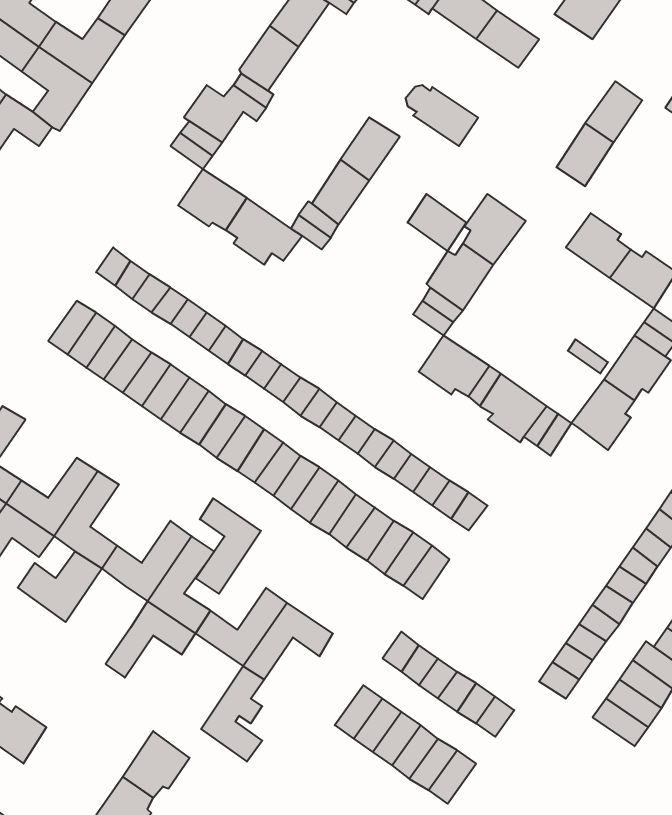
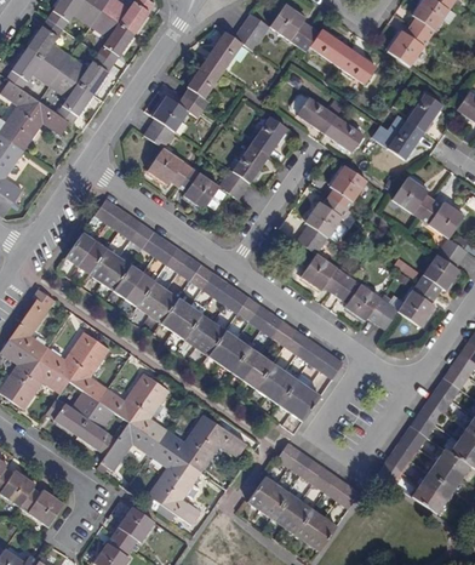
building: [407,194,467,251] -> [326,115,364,152]
building: [196,498,261,594] -> [148,443,189,503]
building: none -> [76,401,118,455]

